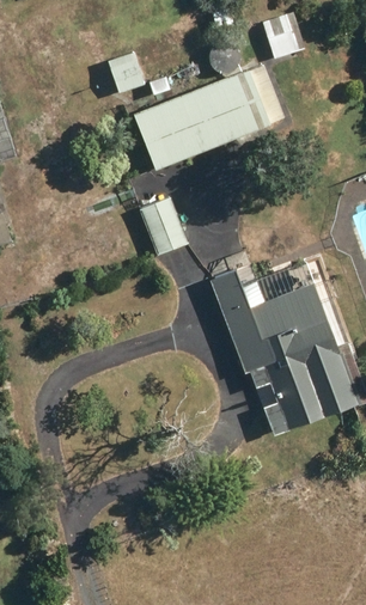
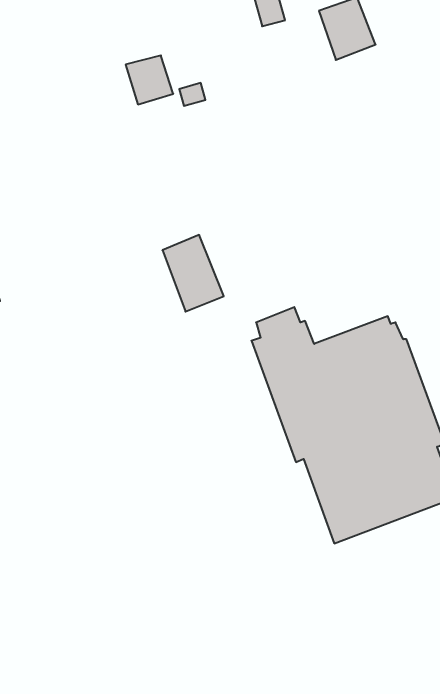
building: [132,65,286,171] -> none

